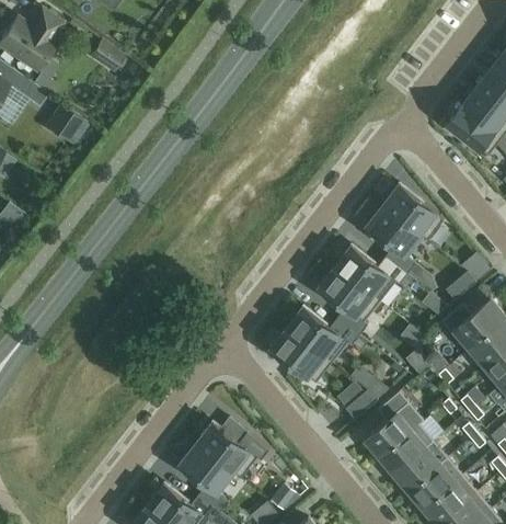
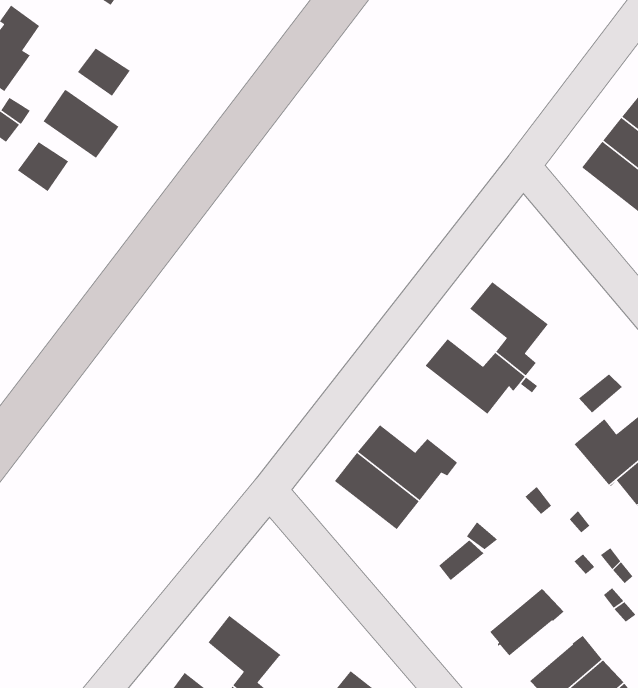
building: none -> [43,89,120,159]
building: [383,184,444,240] -> none
building: [319,265,380,334] -> none
building: [366,391,424,455] -> none
building: [196,422,269,479] -> none
building: [395,447,440,490] -> none

